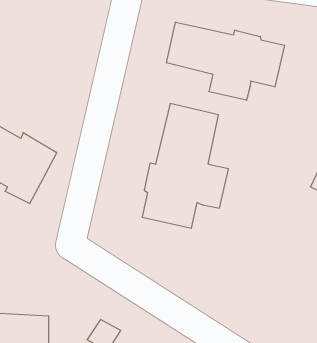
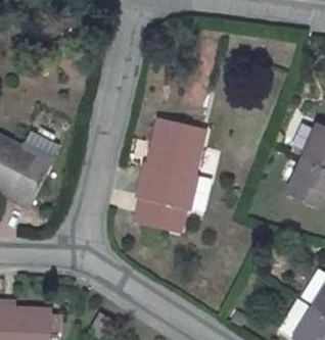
building: [166,22,284,100] -> none

